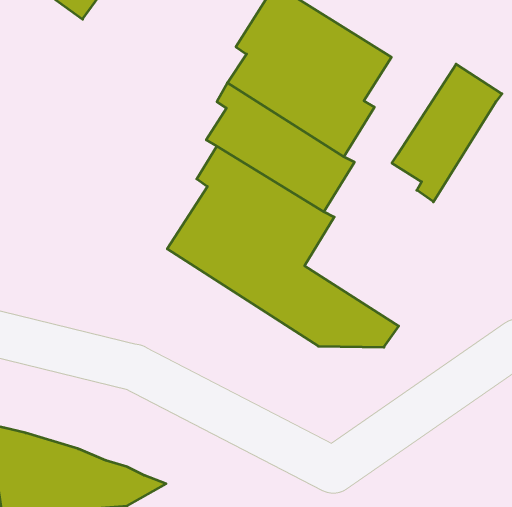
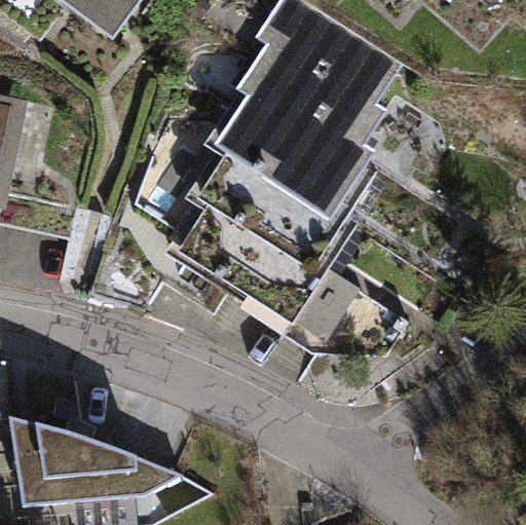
building: [392,64,502,202] -> none

